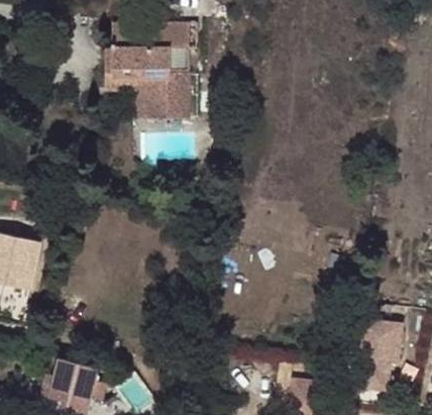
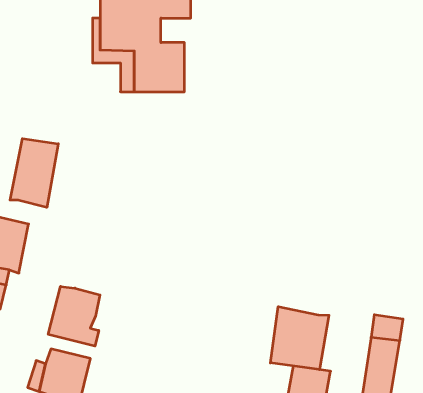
building: none -> [10,139,58,207]
building: none -> [48,286,100,346]
building: none -> [270,307,329,370]

